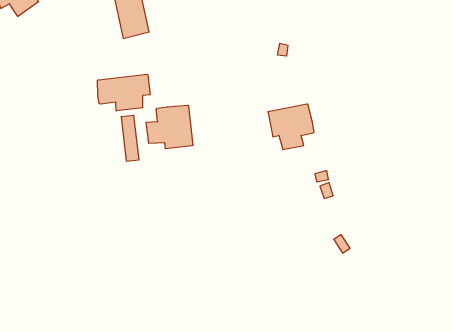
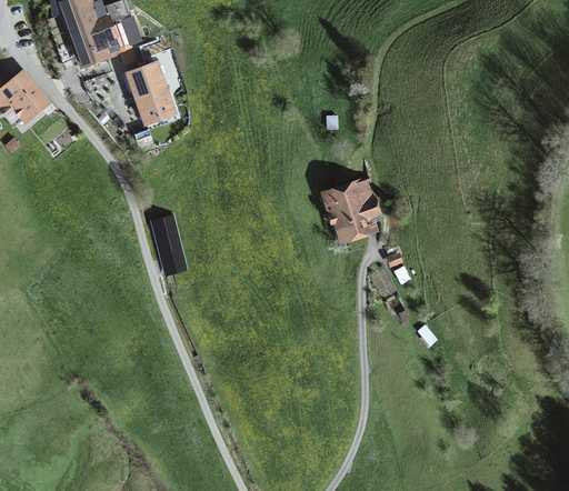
building: [97,74,150,111] -> none
building: [146,105,193,149] -> none

